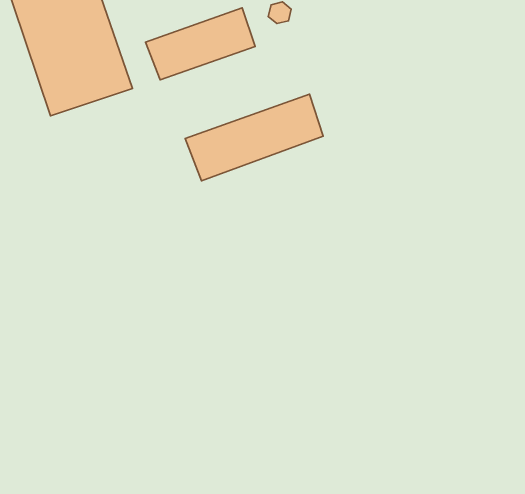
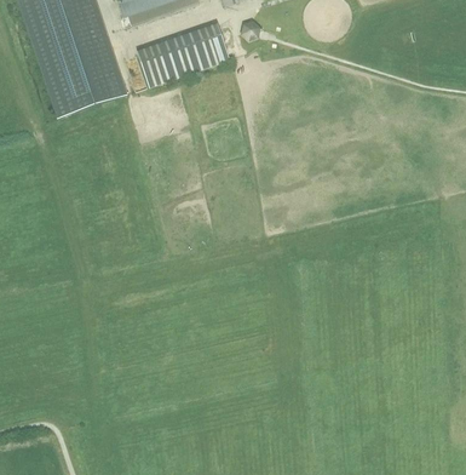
building: [185,94,323,181] -> none

